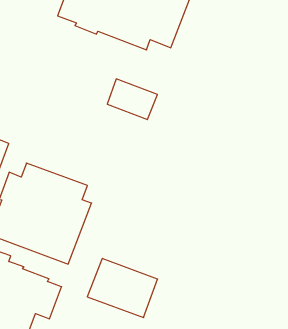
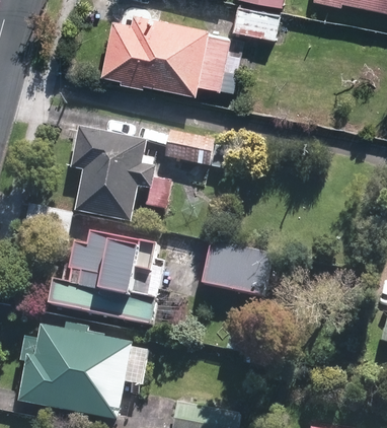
building: none -> [72,128,157,222]
building: [87,258,158,318] -> [202,243,270,297]

